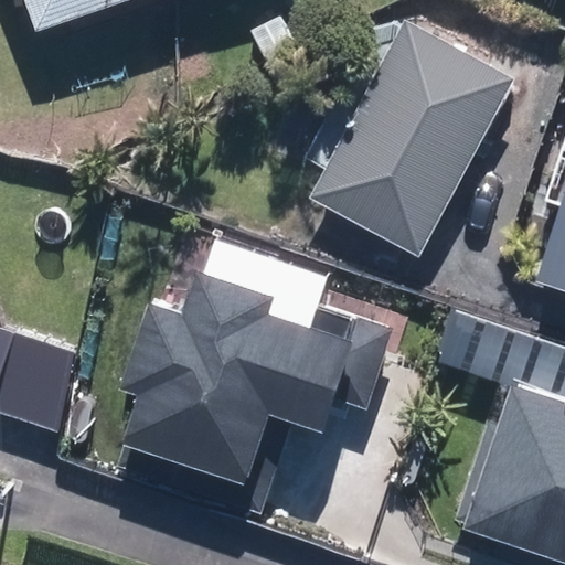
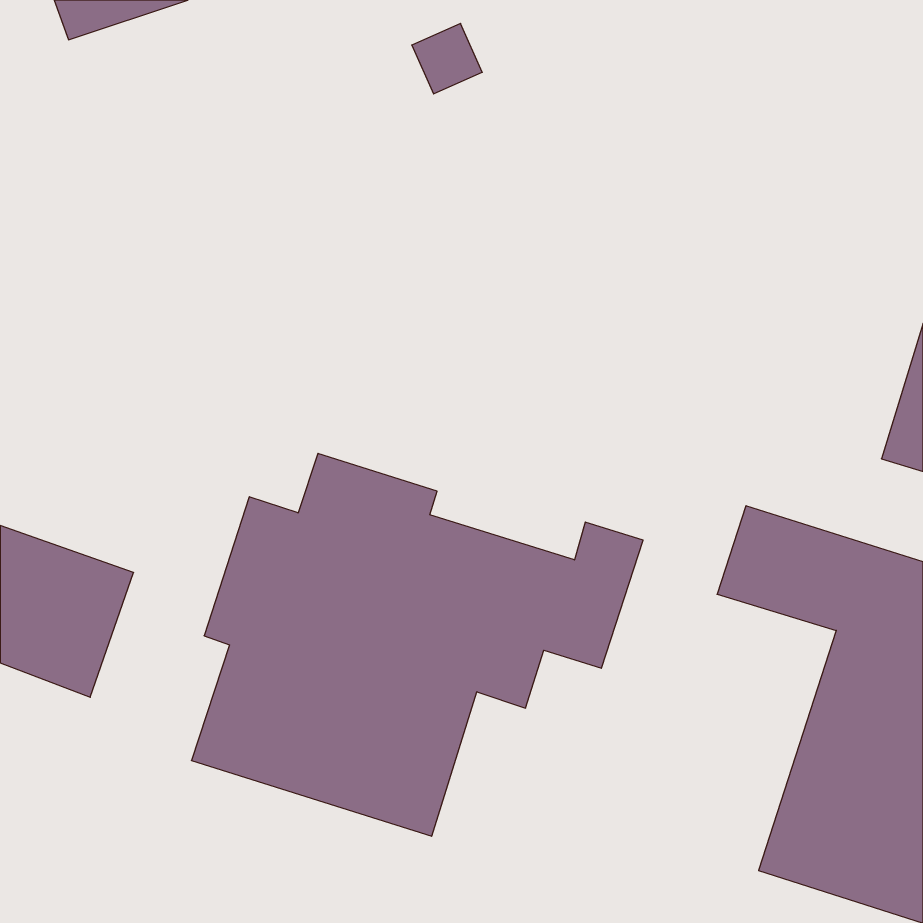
building: [310,21,513,256] -> none

